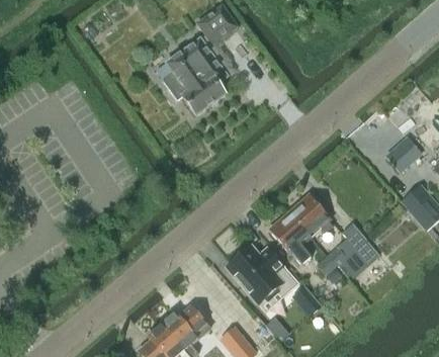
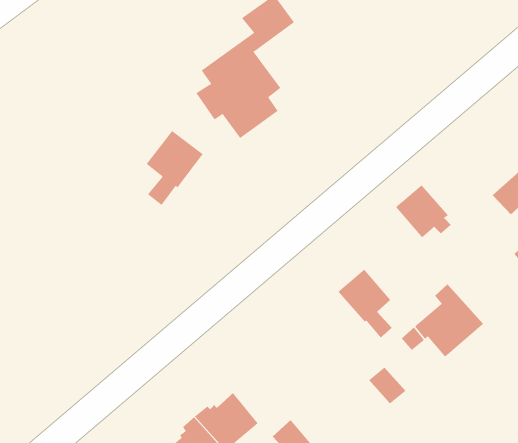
building: none -> [146,130,204,206]
building: [289,195,332,236] -> [395,184,451,238]
building: [227,246,297,304] -> none

